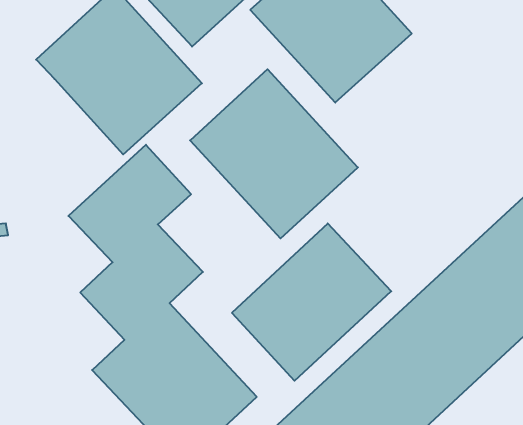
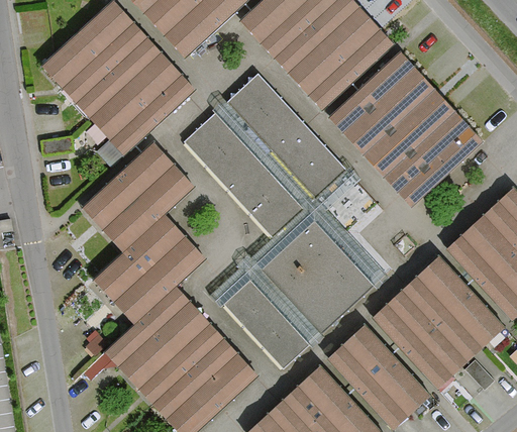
building: none -> [334,55,485,205]
building: none -> [214,169,388,305]

